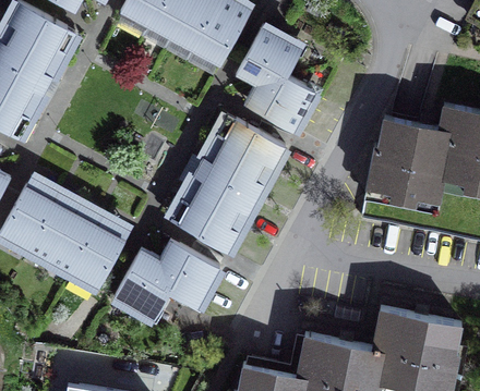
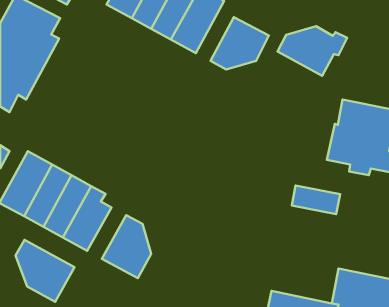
building: [244,75,323,131] -> [277,26,347,76]
building: [179,120,285,252] -> none
building: none -> [292,185,340,214]
building: [160,241,220,306] -> none
building: none -> [15,240,75,302]

